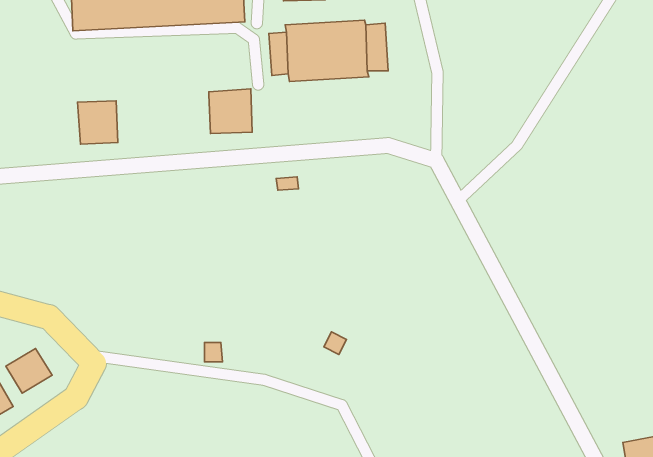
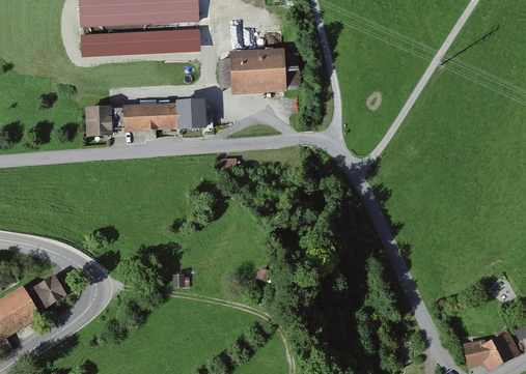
building: none -> [122,102,176,132]

